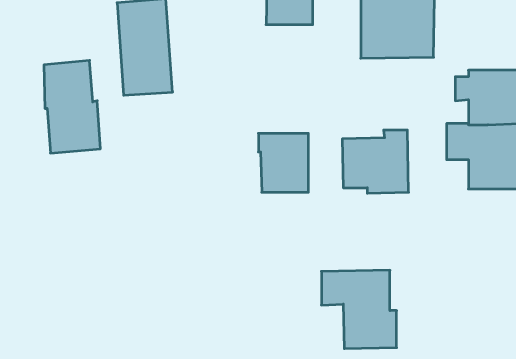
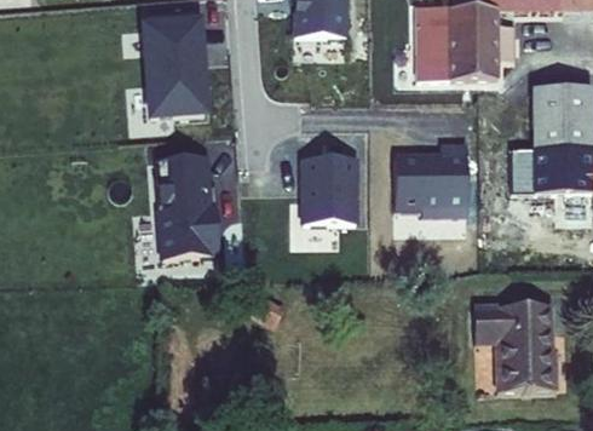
building: [44,60,100,153] -> [156,156,219,259]
building: [321,270,397,349] -> [479,304,563,391]

